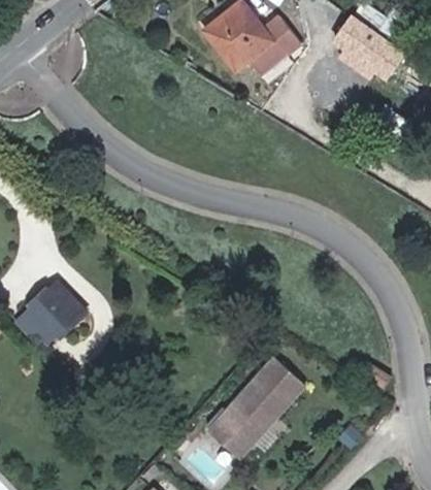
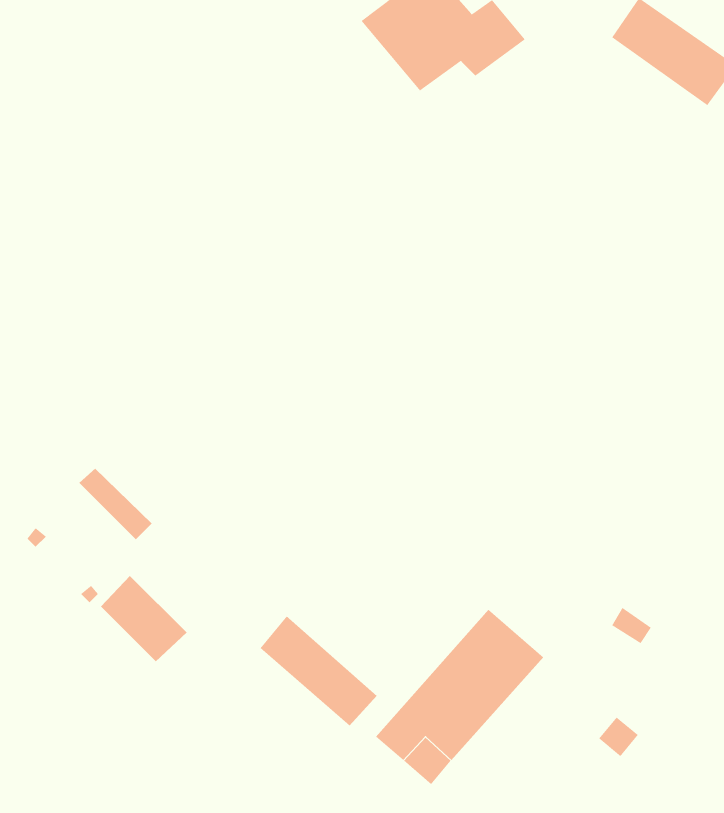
building: [28,289,76,337] -> [100,575,187,662]
building: none -> [259,616,377,727]

